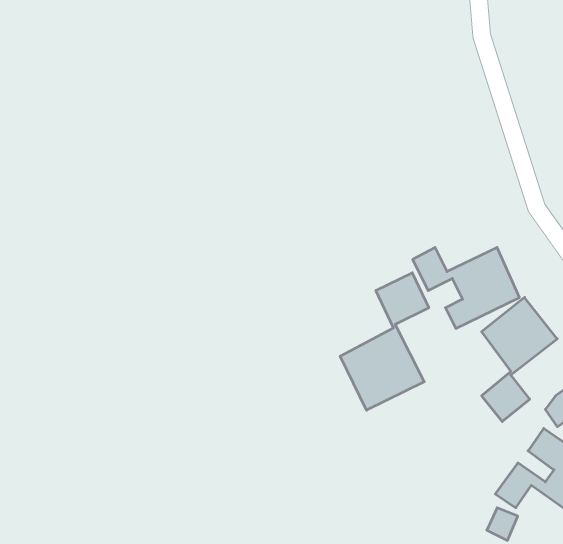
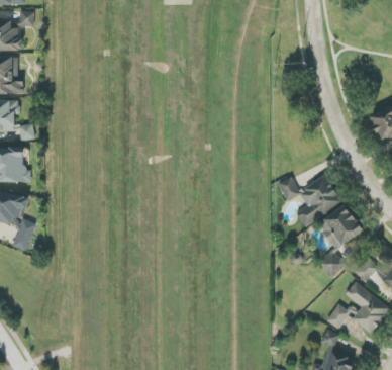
building: [340,273,429,410] -> none

